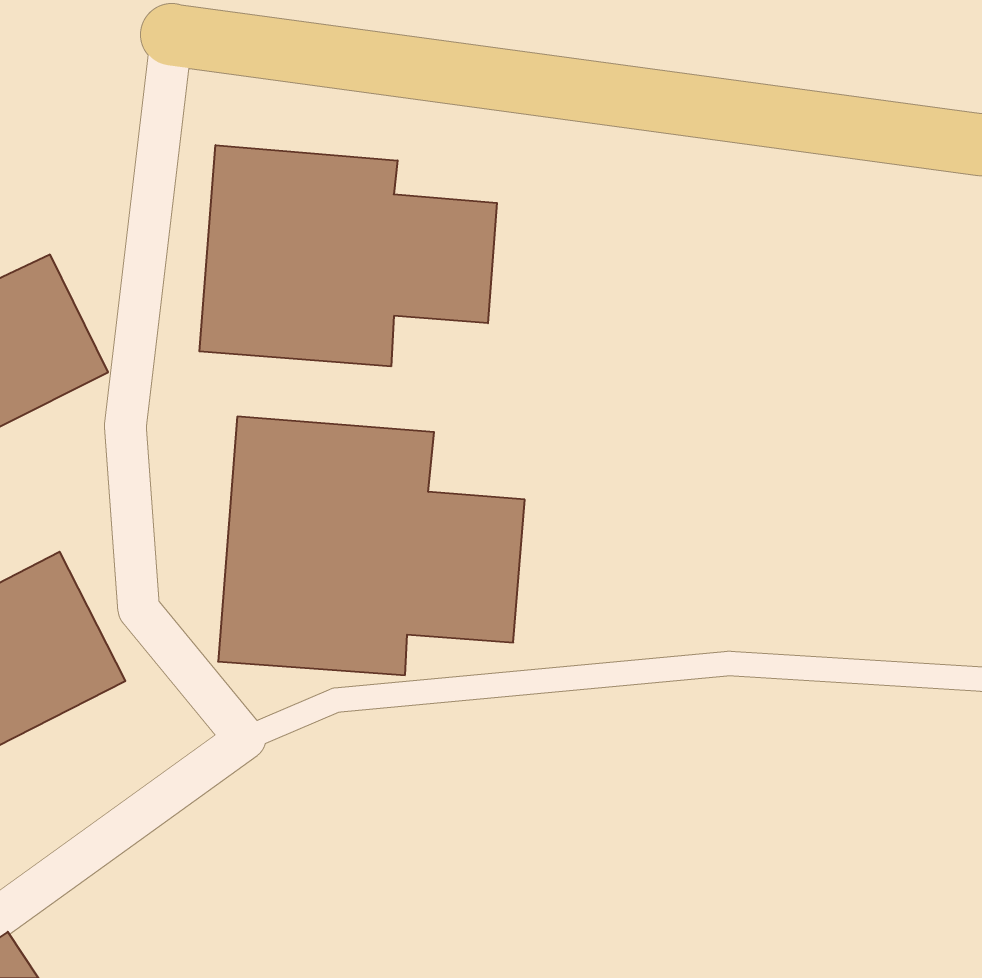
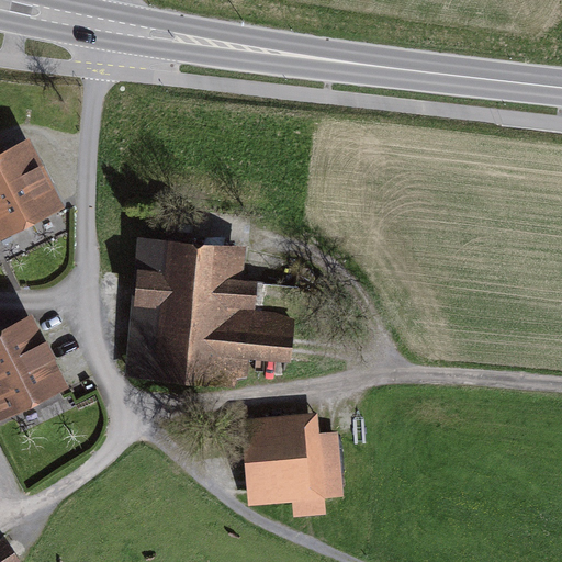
building: [199,145,497,366] -> none
building: none -> [238,412,335,518]

